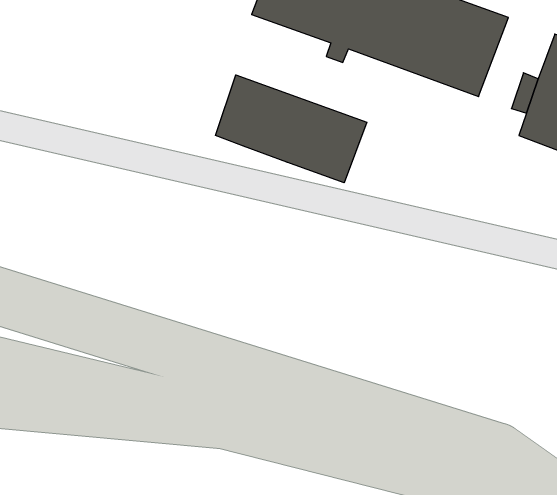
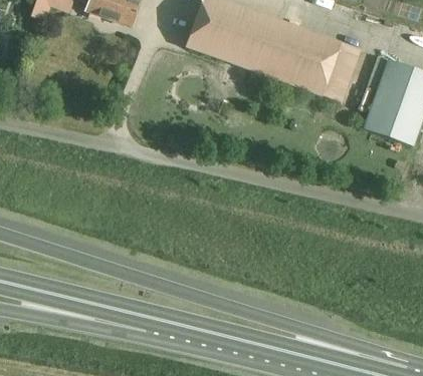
building: [216,75,367,183] -> none

